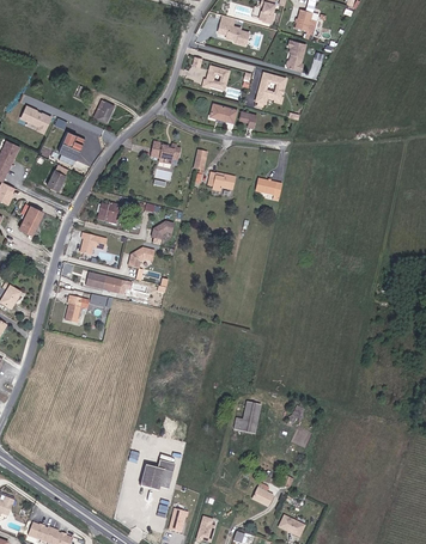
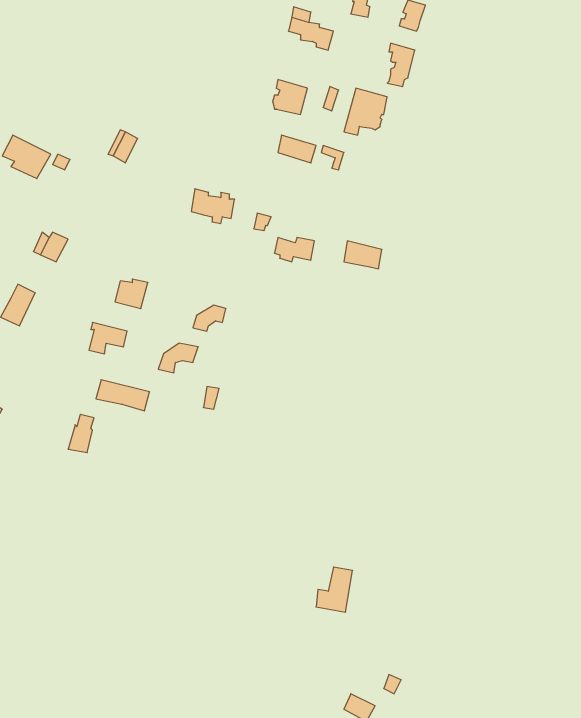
building: [59,130,86,163] -> none
building: [141,459,177,490] -> none

